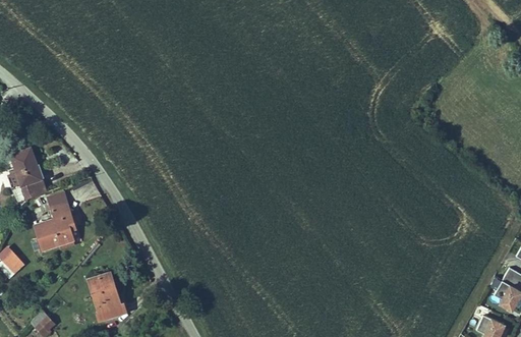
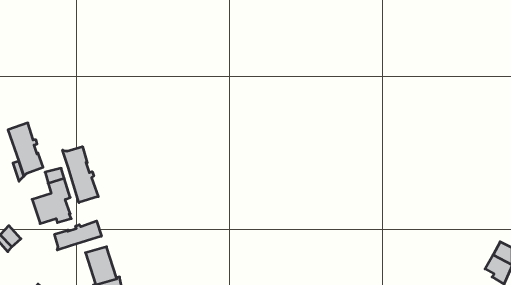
building: none -> [63,147,98,203]
building: none -> [55,221,101,250]

